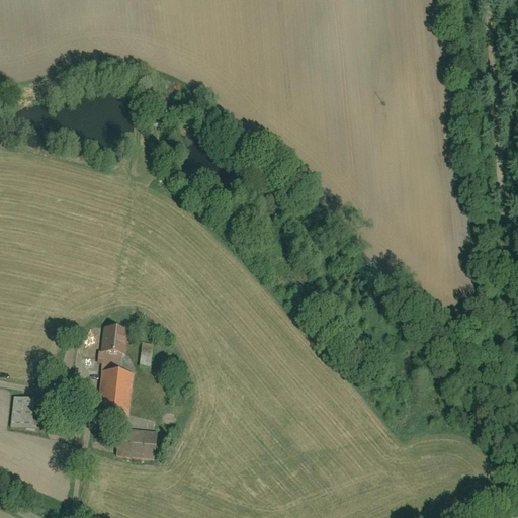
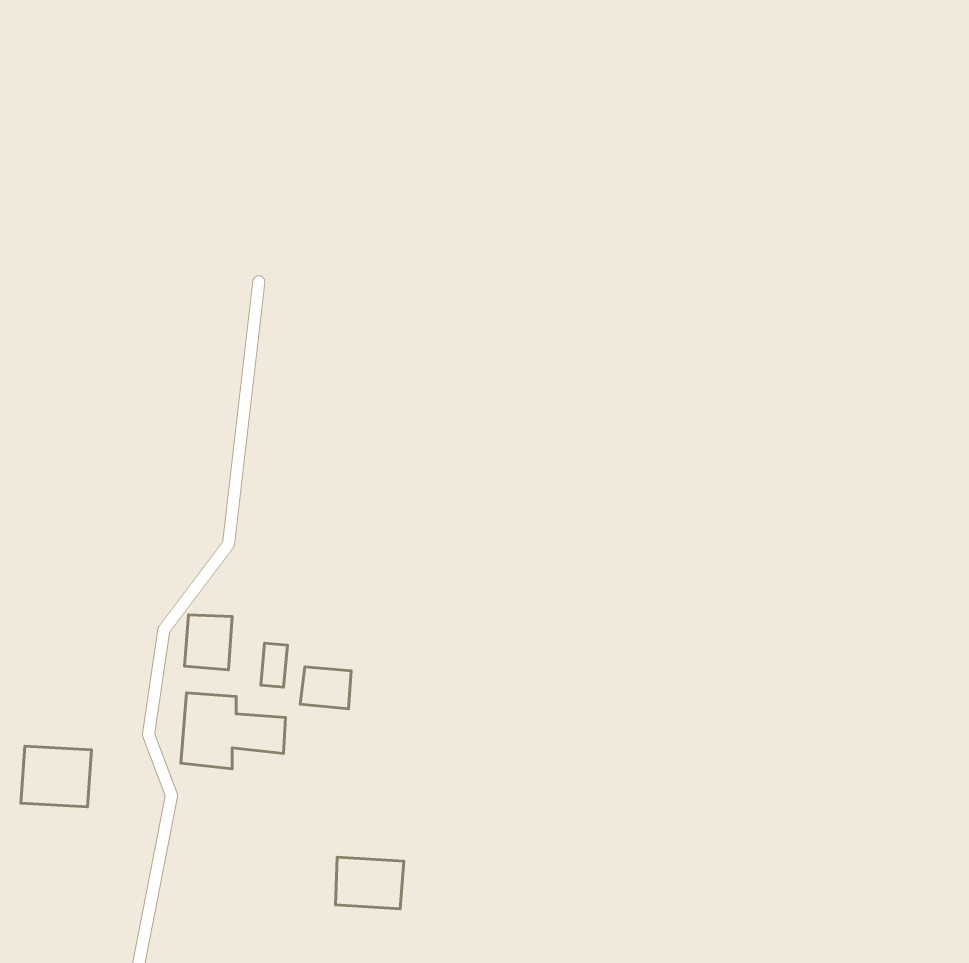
building: none -> [300,667,351,709]
building: [116,427,153,454] -> [335,857,404,909]

